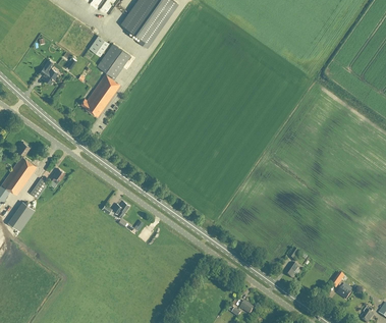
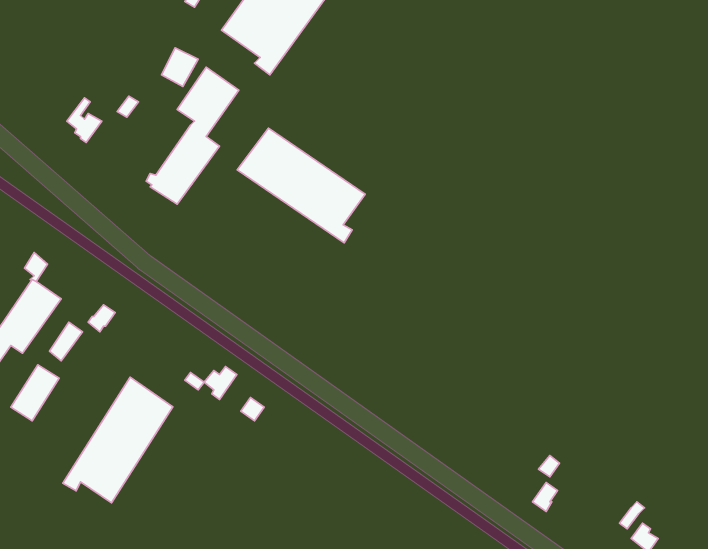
building: none -> [237,128,365,243]
building: none -> [63,377,173,503]

